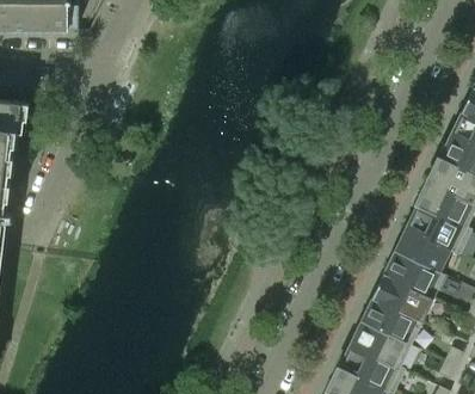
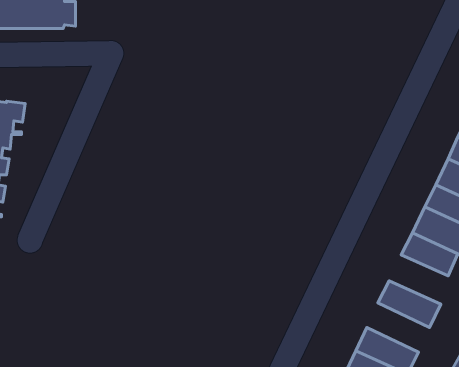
building: [382,251,444,298] -> none
building: [360,297,421,345] -> none

